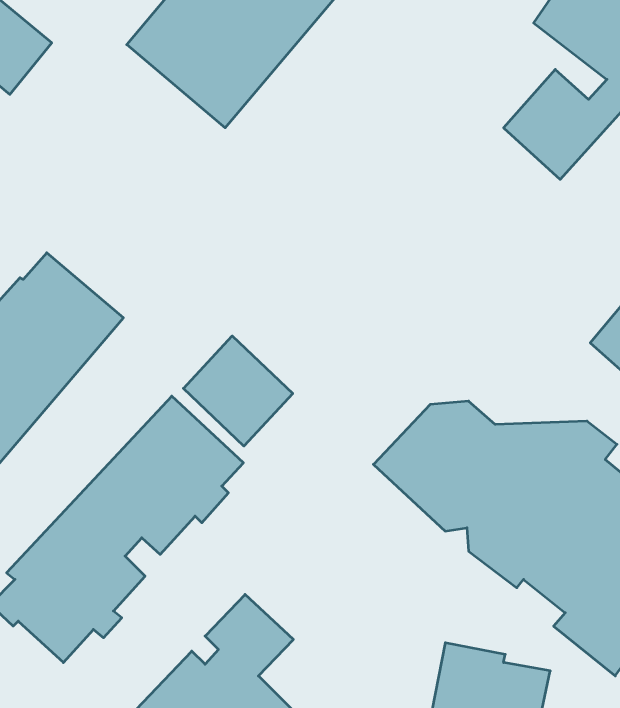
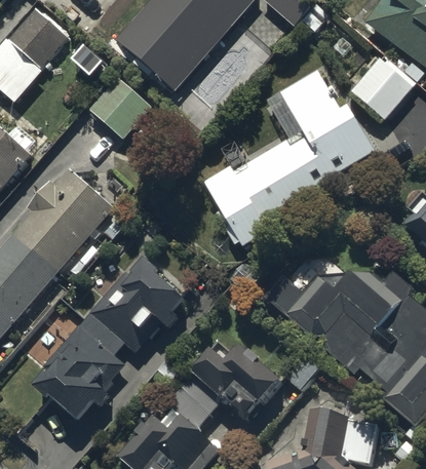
building: none -> [203,69,376,248]
building: none -> [87,76,167,149]
building: [183,336,293,446] -> none
building: none -> [190,346,278,415]

